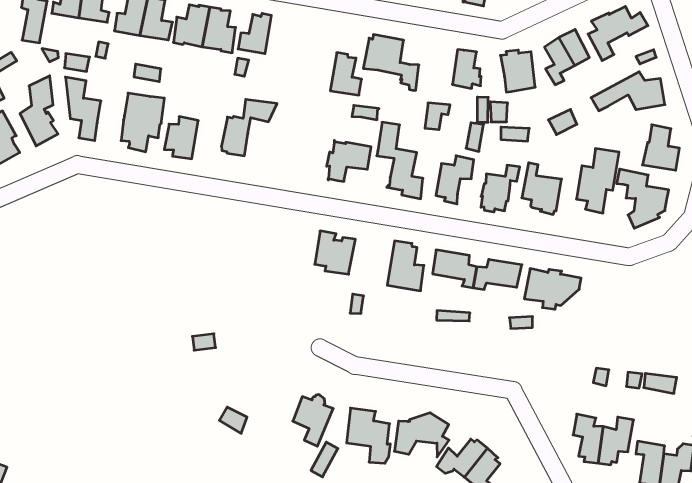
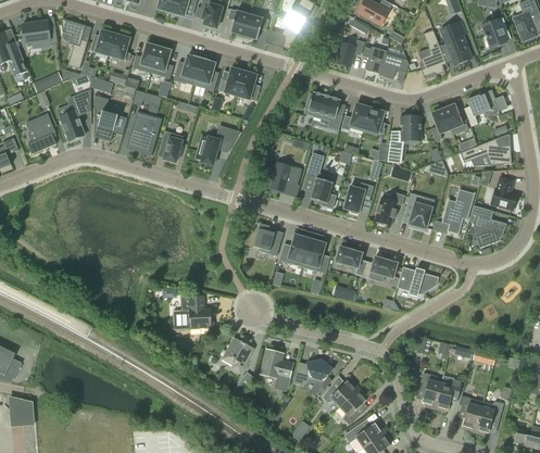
building: none -> [341,103,371,131]
building: [330,53,362,95] -> [236,68,259,100]
building: none -> [278,231,311,266]
building: none -> [181,294,214,328]

